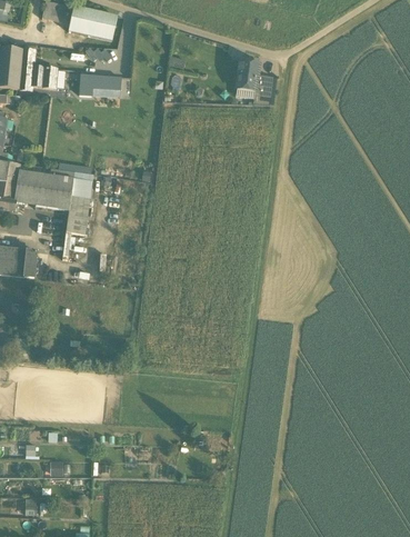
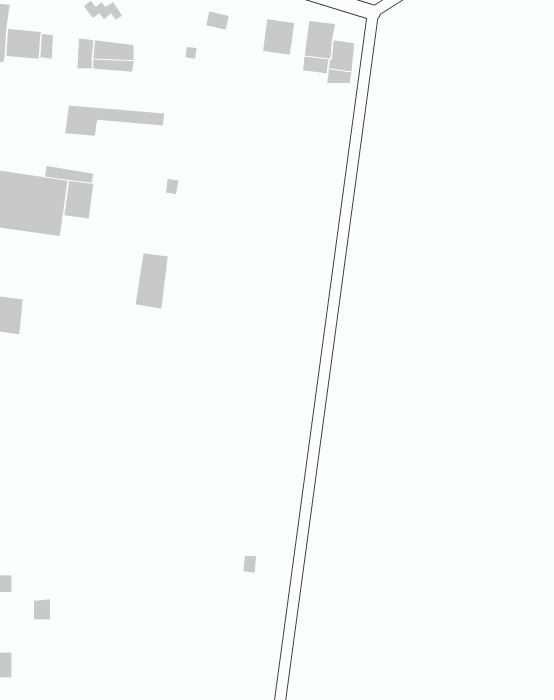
building: none -> [262,19,295,56]
building: none -> [65,105,165,136]
building: [66,196,89,235] -> [135,253,169,309]

